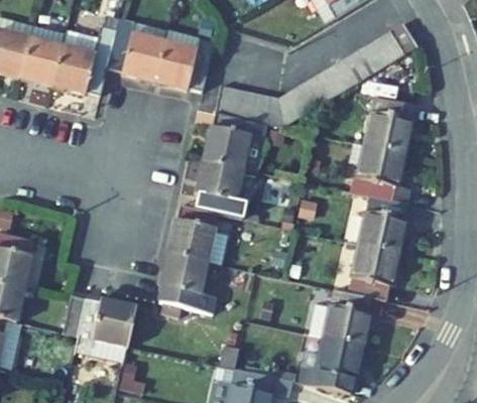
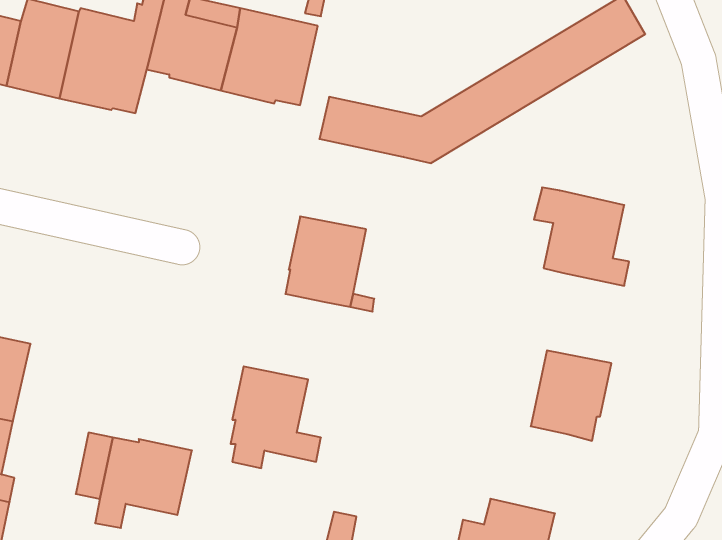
building: [366,96,422,153] -> none
building: [204,112,268,171] -> none
building: [358,195,406,252] -> none
building: [168,206,229,265] -> none
building: [308,288,371,346] -> none

